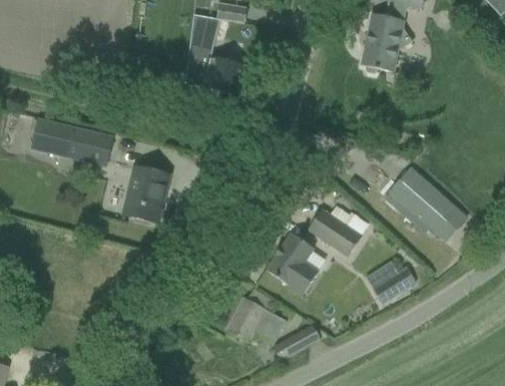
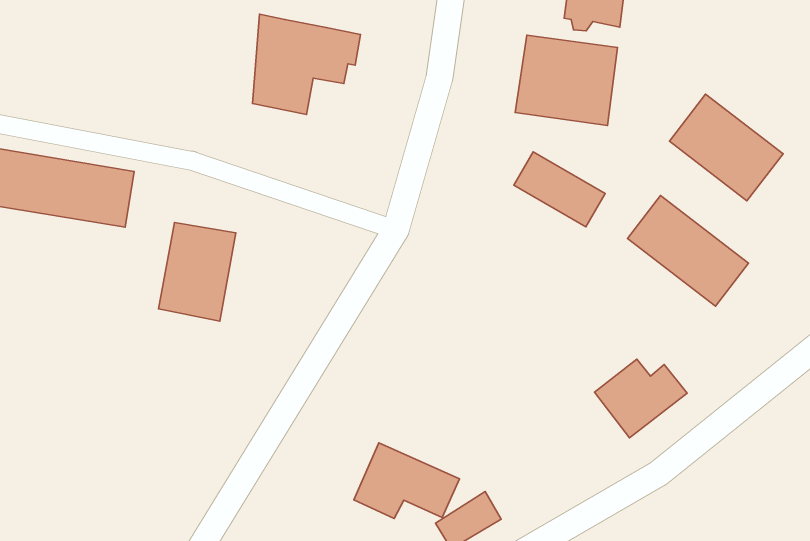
building: none -> [515,35,617,126]
building: none -> [669,94,783,201]
building: [309,209,360,253] -> [514,152,605,227]
building: [266,232,319,294] -> none

